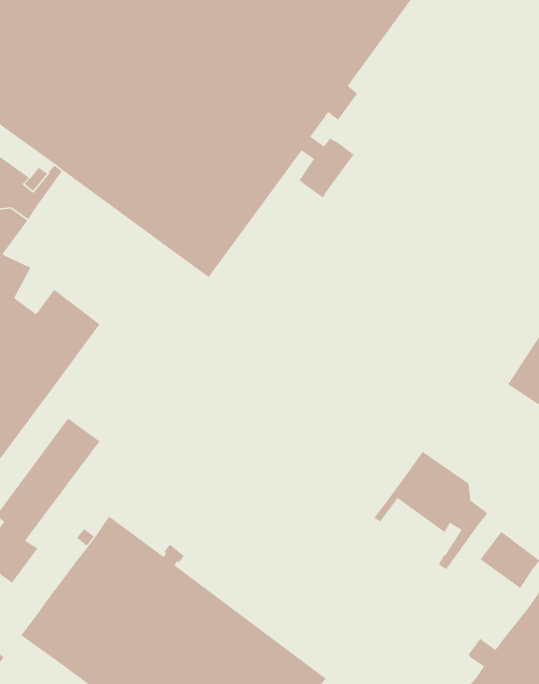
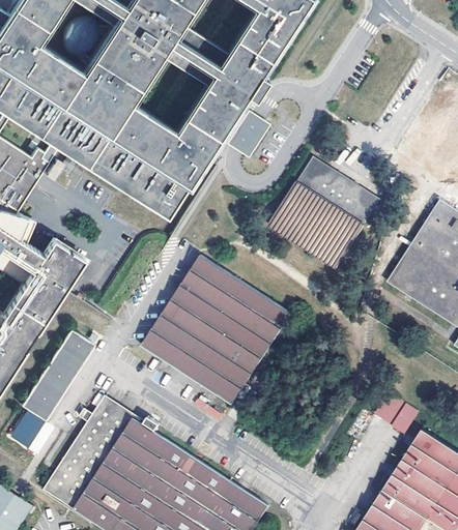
building: none -> [268,156,377,268]
building: none -> [141,254,290,404]
building: [374,451,489,570] -> none

